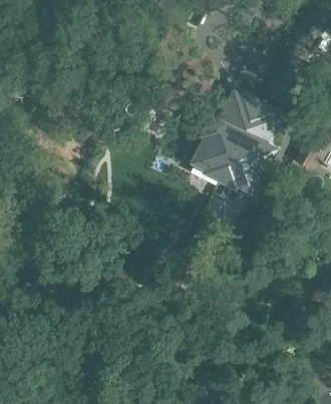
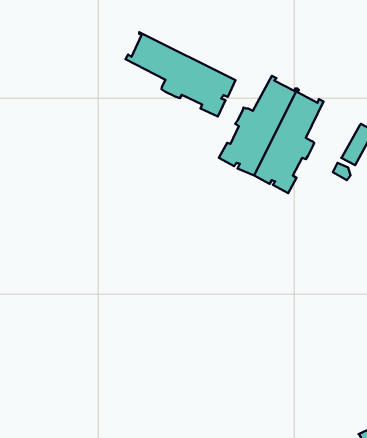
building: none -> [126,32,236,117]

